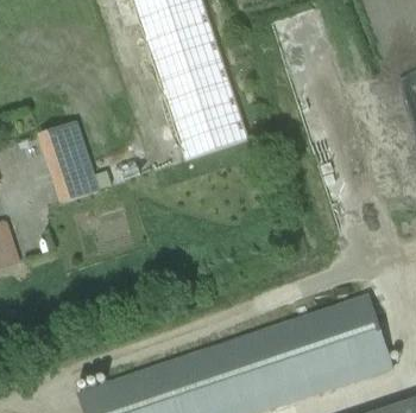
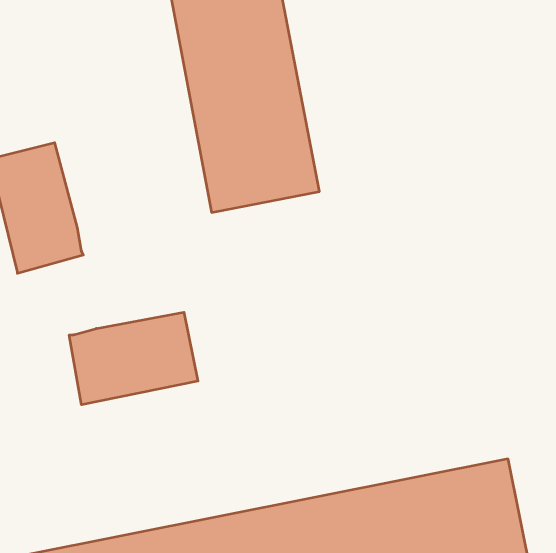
building: none -> [69,312,198,405]

